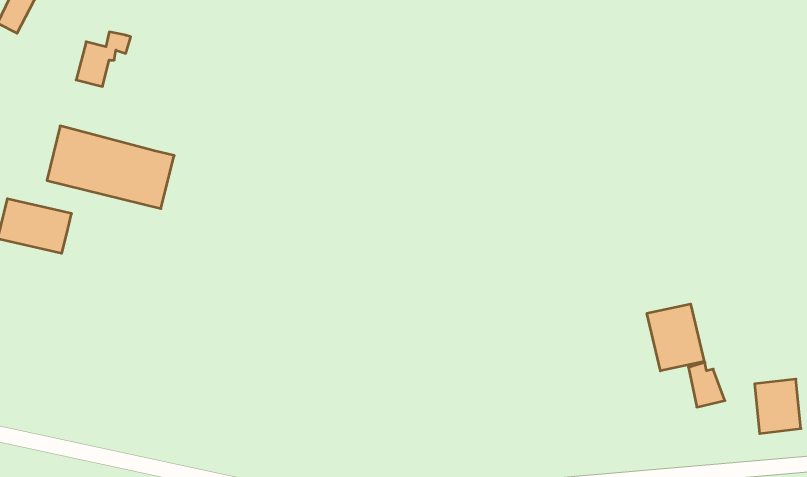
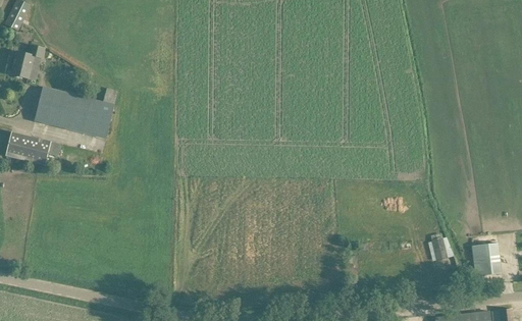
building: [76,32,131,86] -> [10,46,44,79]
building: [647,304,704,371] -> none

